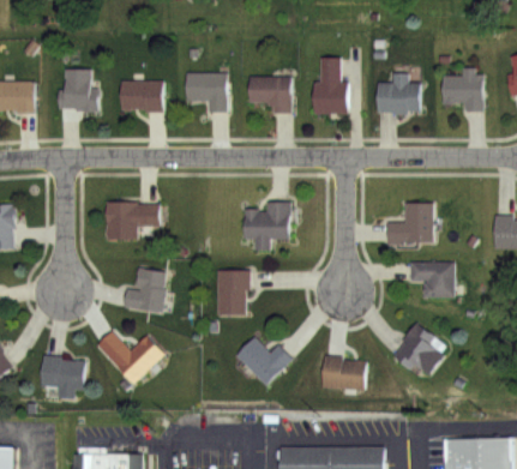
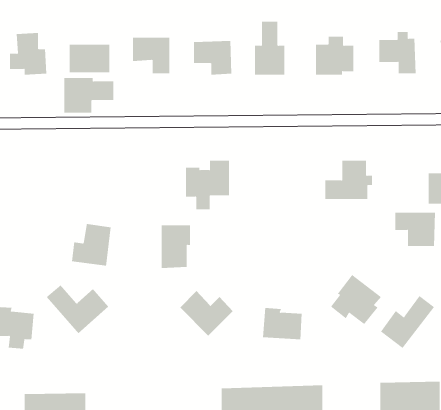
building: [106,203,158,240] -> [64,77,114,113]
building: [410,263,453,299] -> [395,212,436,247]
building: none -> [380,295,435,349]

